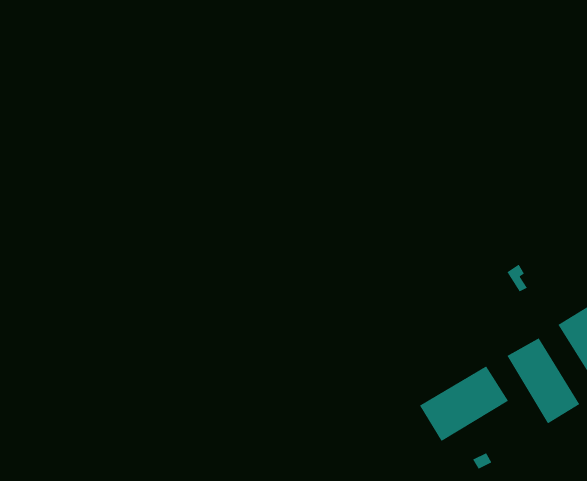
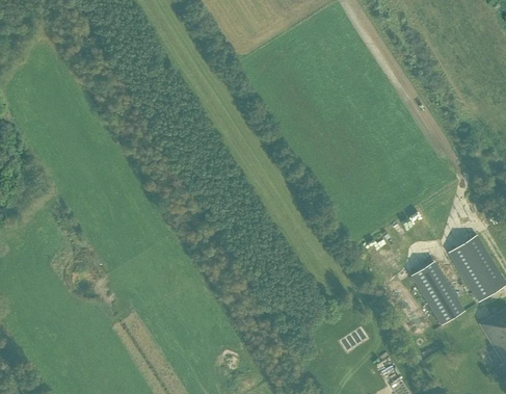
building: [419,366,509,442] -> none

